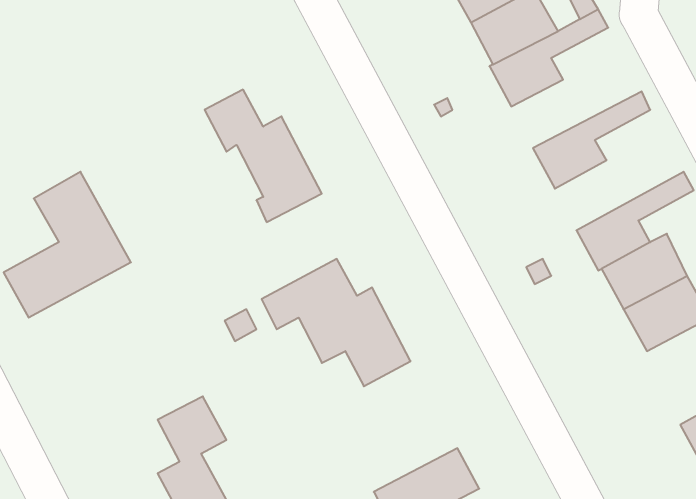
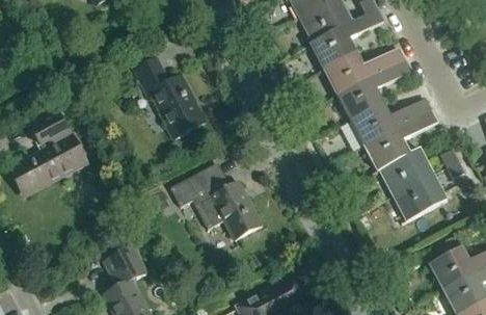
building: none -> [323,45,404,93]
building: none -> [350,96,430,143]

